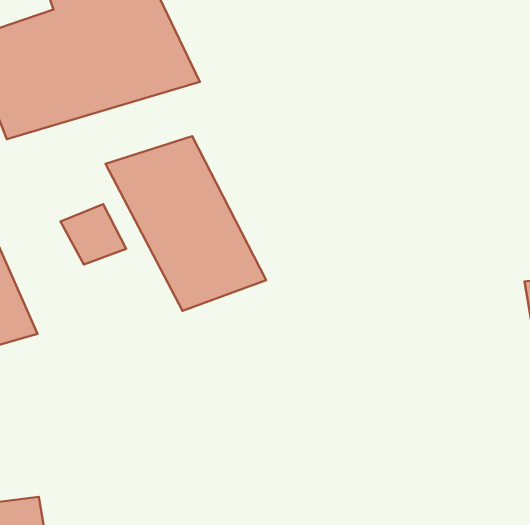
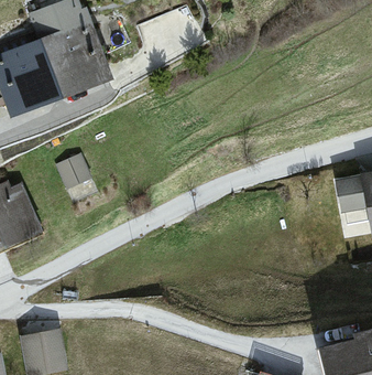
building: [105,136,266,311] -> none

